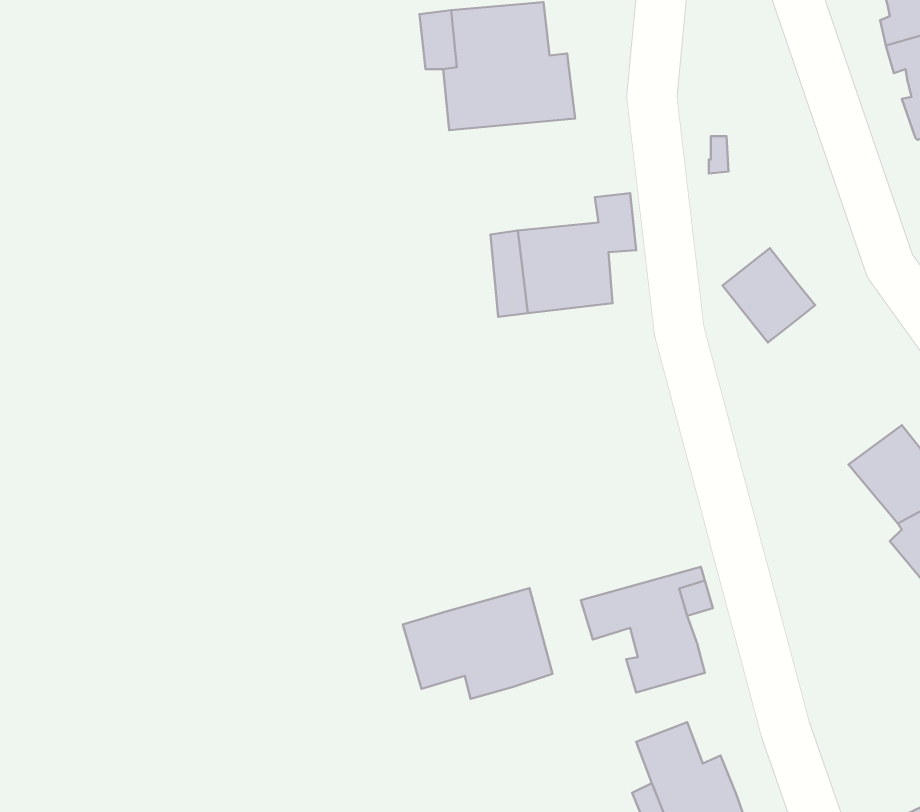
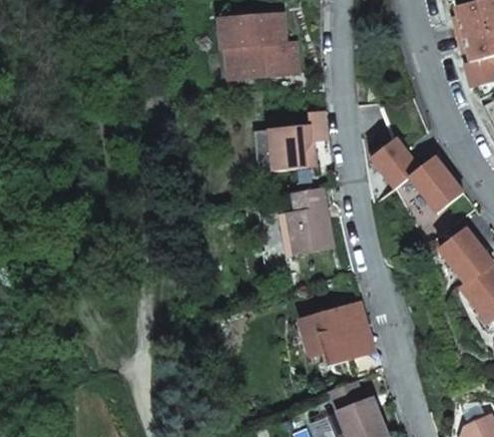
building: none -> [411,155,465,211]
building: none -> [281,187,333,255]
building: [403,588,552,699] -> none

